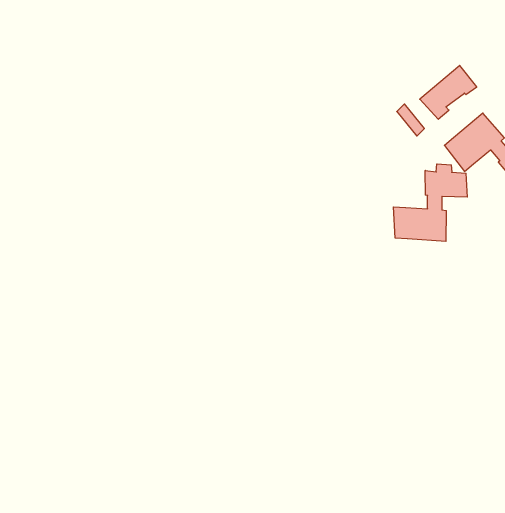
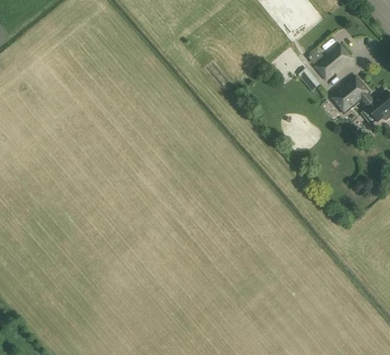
building: [393,164,467,241] -> none

